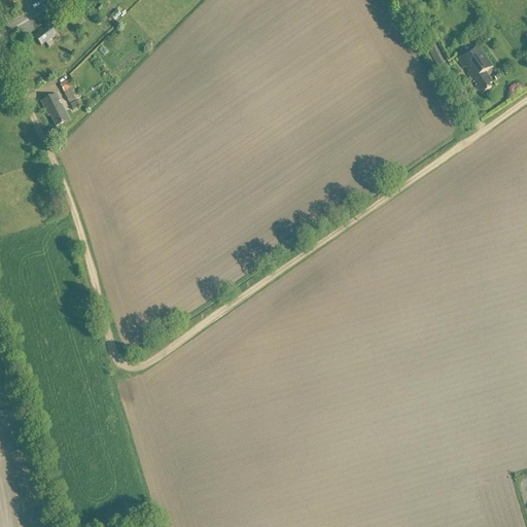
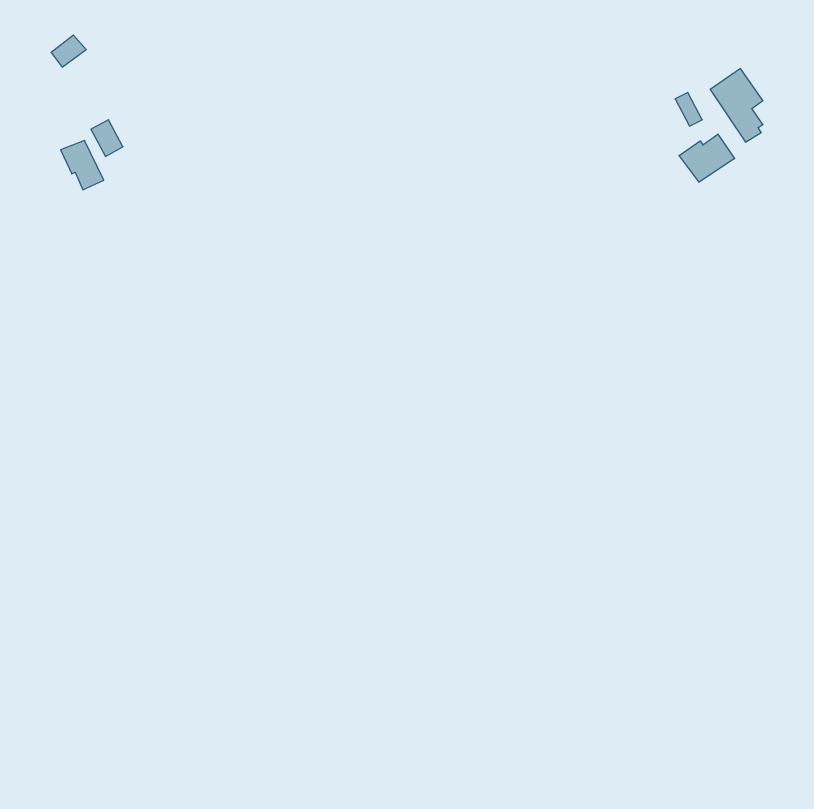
building: none -> [679,134,735,182]

